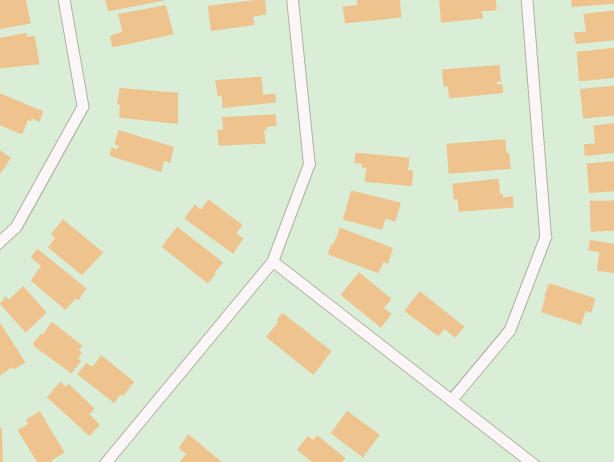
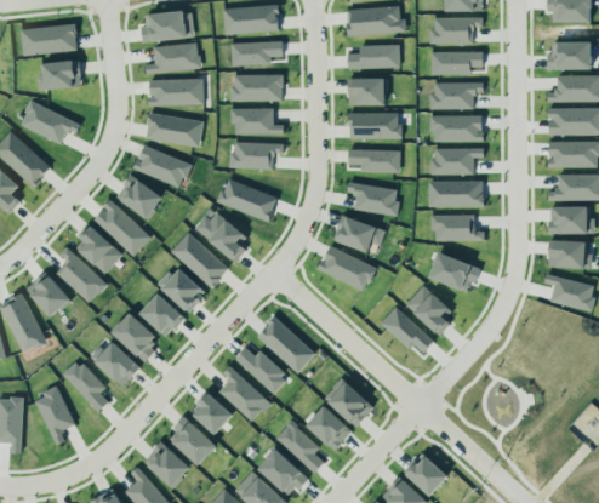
building: none -> [429,82,483,109]
building: none -> [348,78,387,105]
building: none -> [227,73,280,99]
building: none -> [148,79,202,105]
building: none -> [348,113,401,138]
building: none -> [430,149,484,175]
building: none -> [348,150,400,173]
building: none -> [216,179,276,222]
building: none -> [116,175,162,218]
building: none -> [93,200,150,256]
building: none -> [156,268,204,314]
building: [340,271,393,329] -> [405,285,451,337]
building: [540,282,596,326] -> [429,252,479,292]
building: none -> [139,293,186,336]
building: [32,321,84,374] -> [112,313,156,361]
building: none -> [235,348,285,394]
building: none -> [218,366,272,422]
building: none -> [325,378,373,427]
building: none -> [194,393,233,435]

